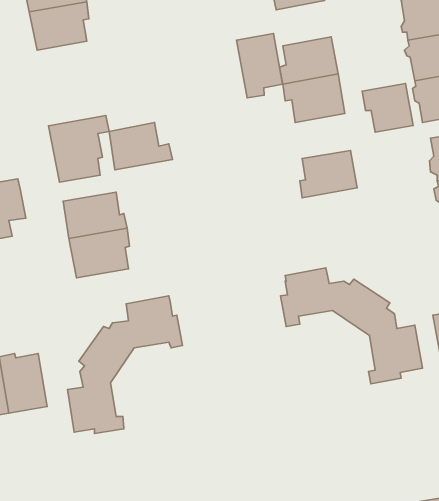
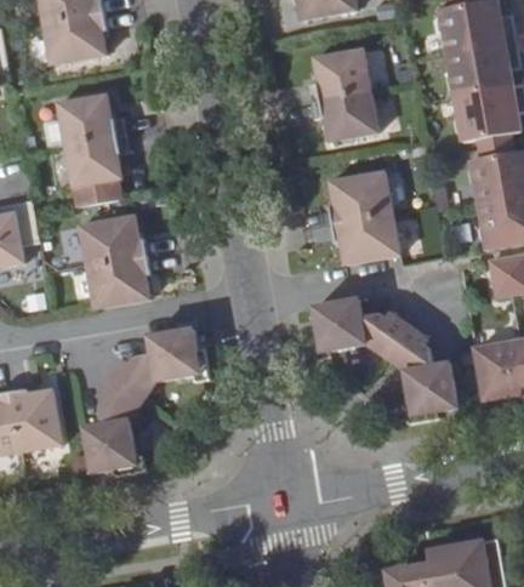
building: [237,33,283,98] -> none
building: [362,83,413,132] -> none
building: [109,122,172,170] -> [55,93,123,144]
building: none -> [334,211,400,263]

